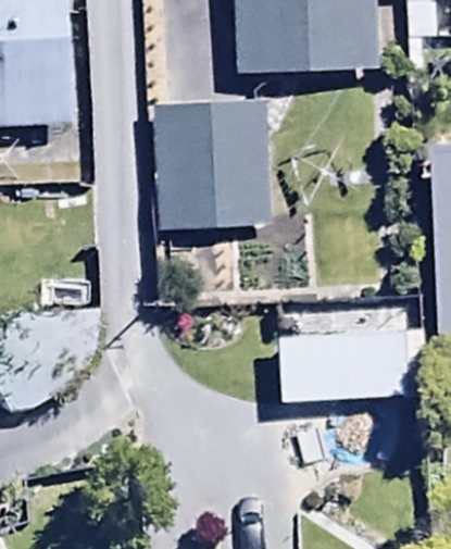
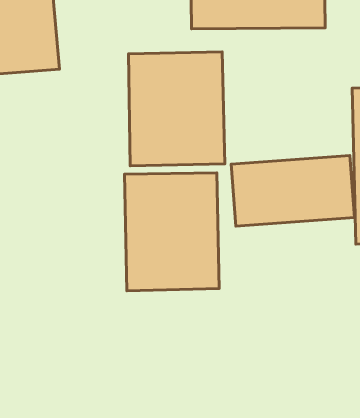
building: none -> [125,173,219,291]
building: [279,328,419,409] -> [231,155,354,226]

